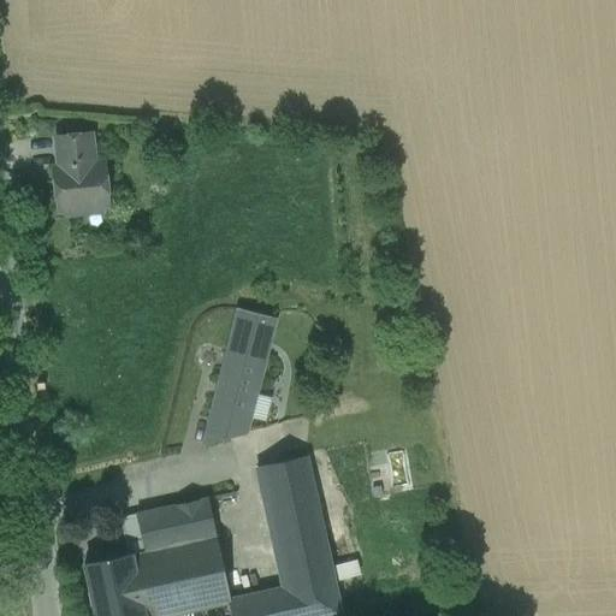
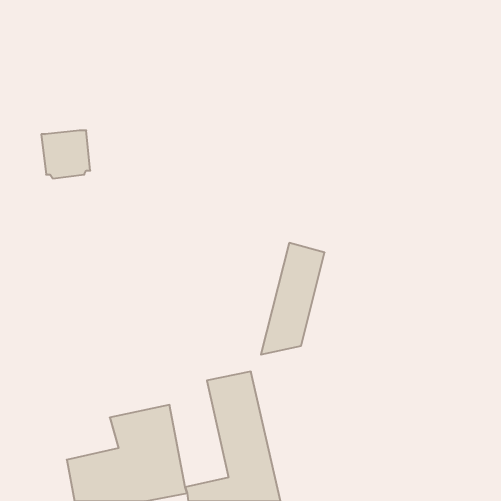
building: [53,131,97,165] -> none
building: [202,313,280,450] -> [261,243,325,355]

